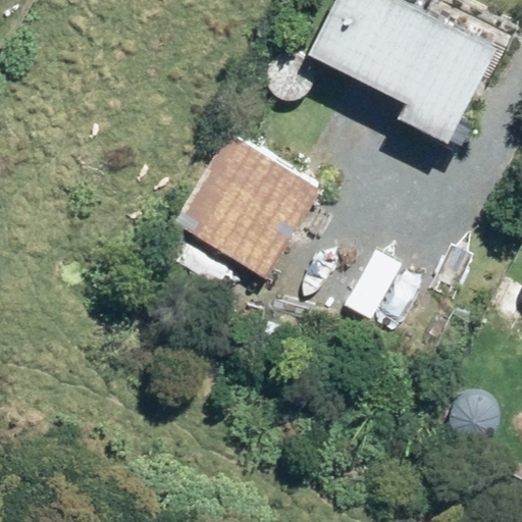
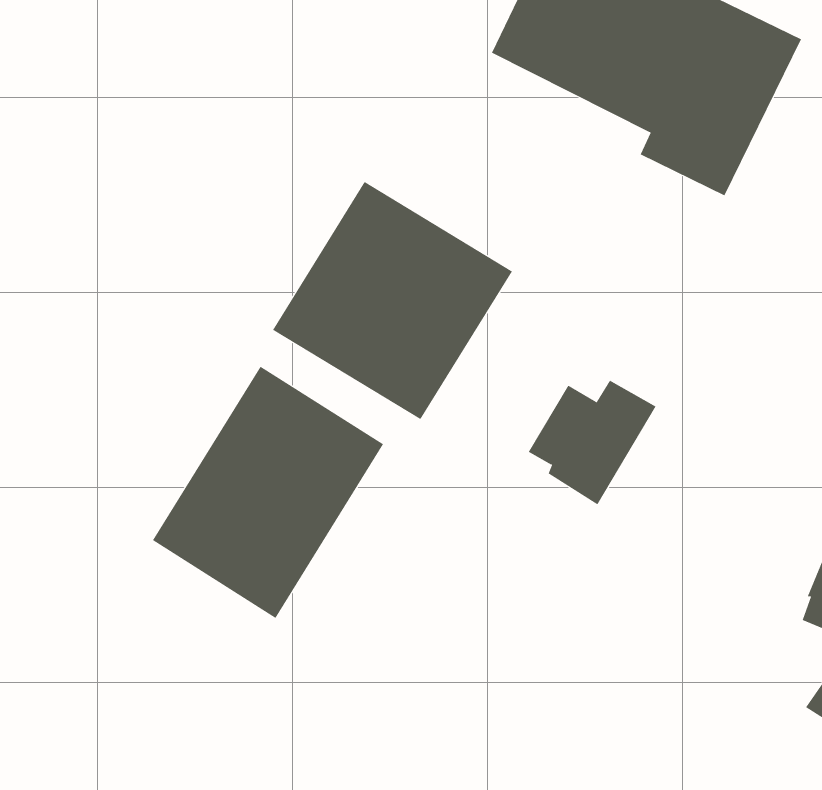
building: none -> [152,366,384,619]

